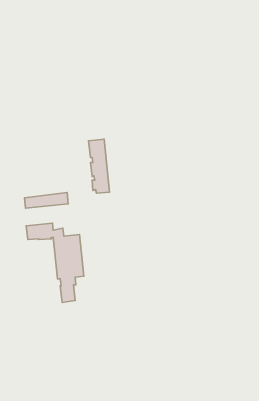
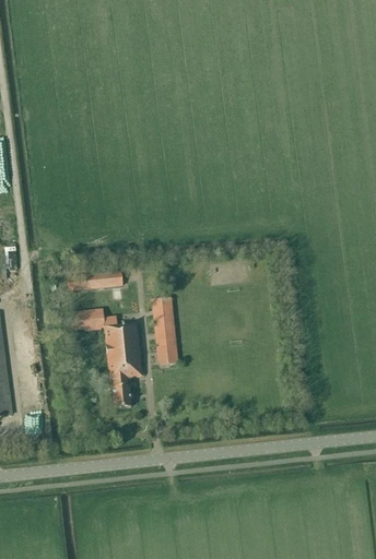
building: [89,139,110,193] -> [152,296,178,364]

